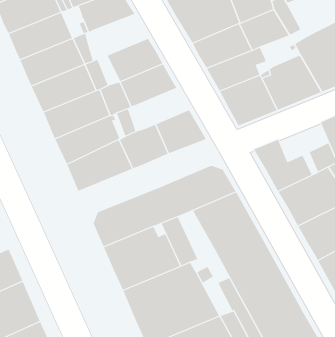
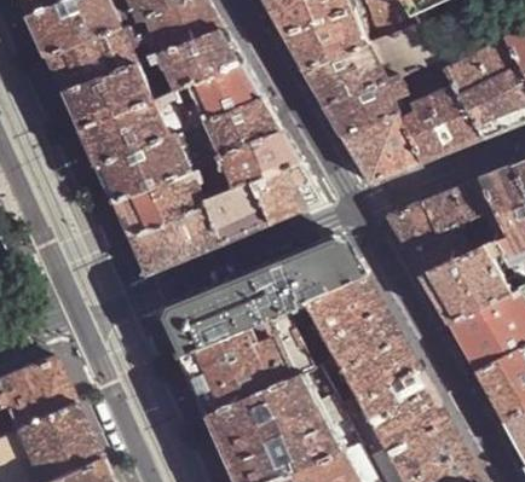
building: none -> [167,29,243,89]
building: none -> [223,132,300,190]
building: none -> [423,180,494,234]

